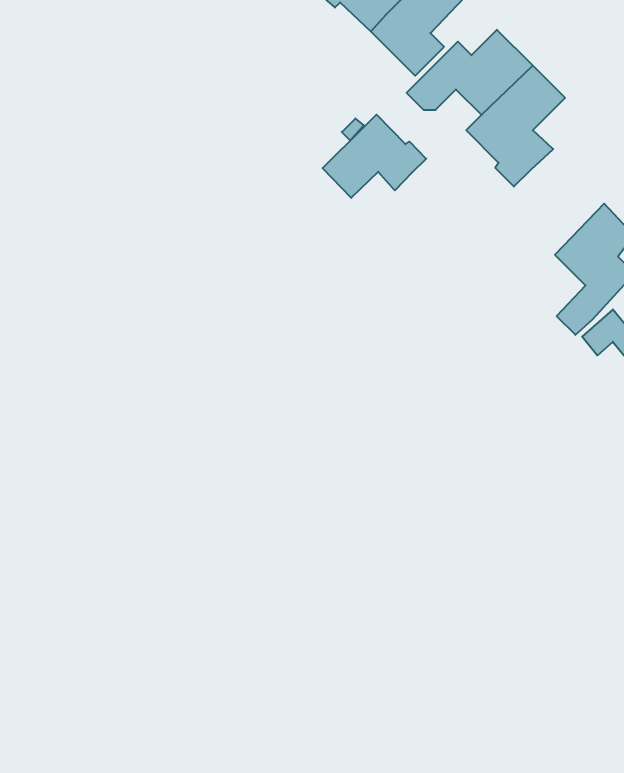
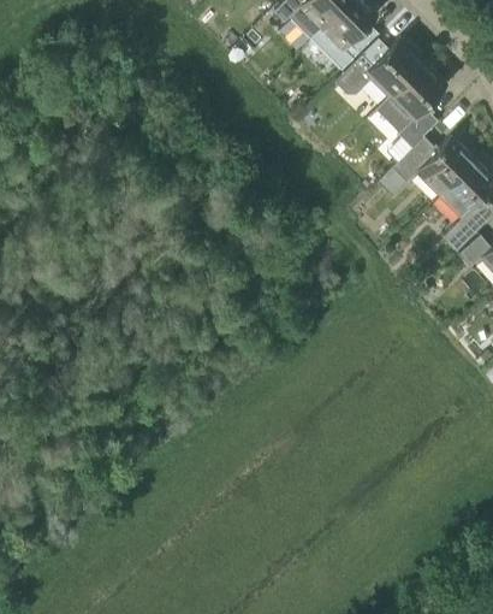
building: [323,115,426,198] -> none
building: none -> [392,136,475,196]

